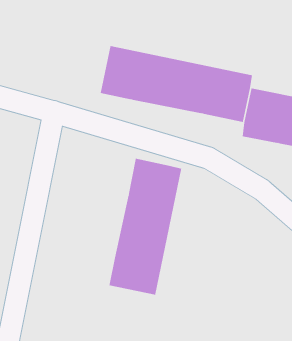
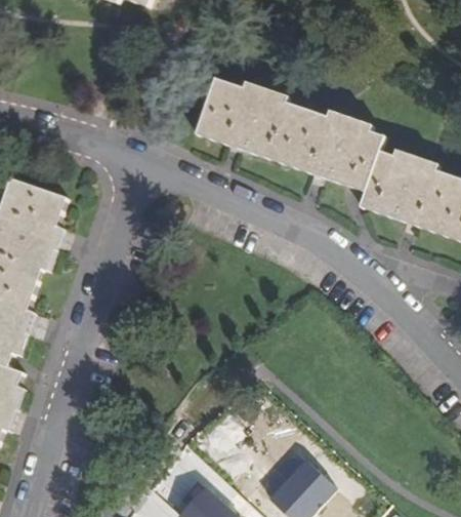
building: [109,158,182,295] -> none

